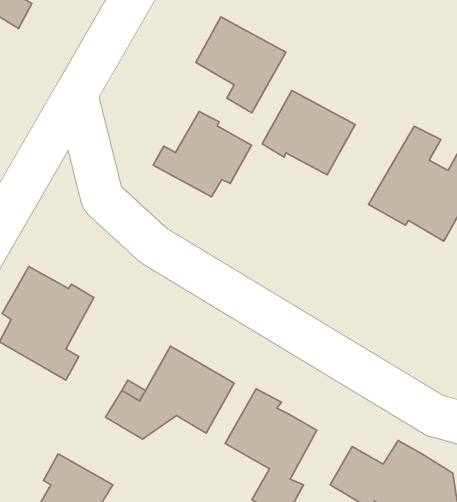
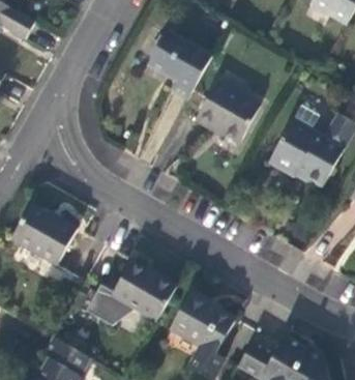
building: [153,111,251,197] -> none

